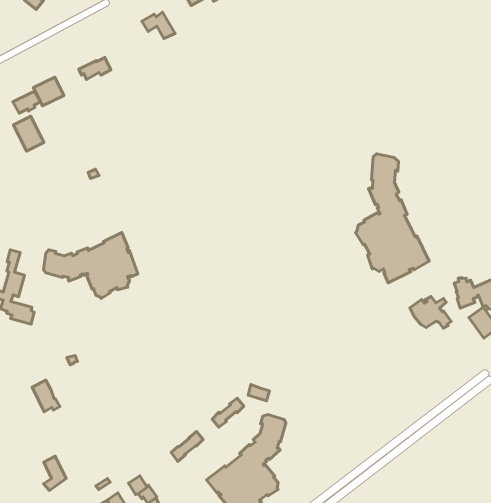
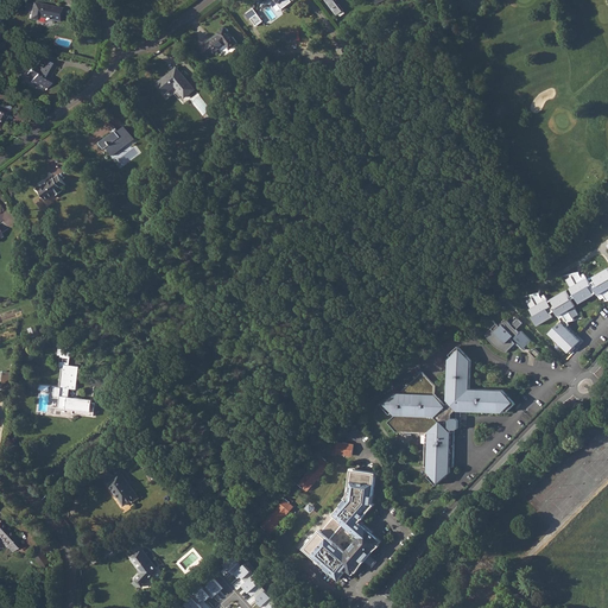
building: [34,77,64,106] -> none
building: [14,116,44,151] -> none
building: [355,154,429,283] -> none
building: [43,232,138,299] -> none
building: none -> [381,346,514,484]

